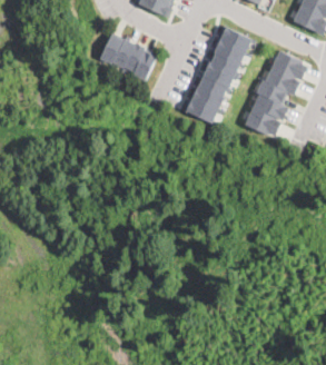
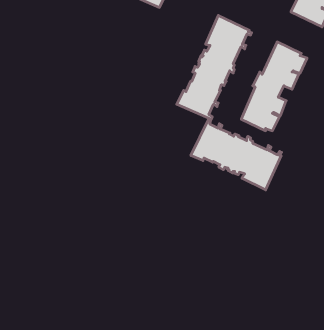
building: [99,32,157,79] -> none
building: none -> [191,119,282,190]

